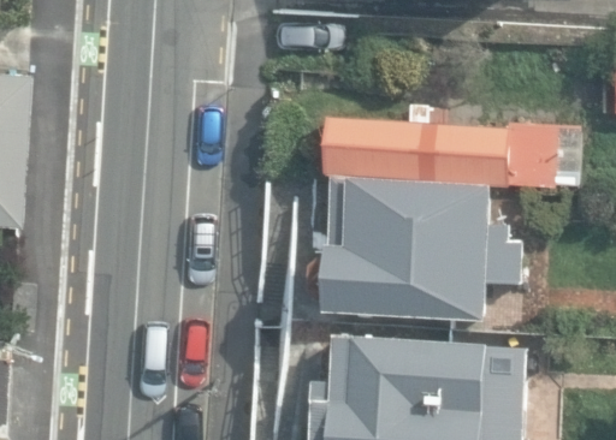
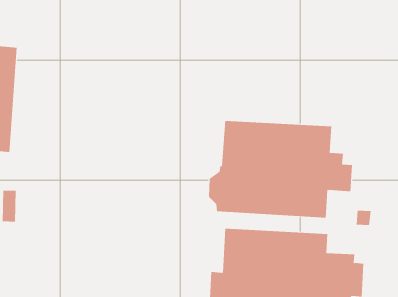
building: [322,106,552,186] -> none

